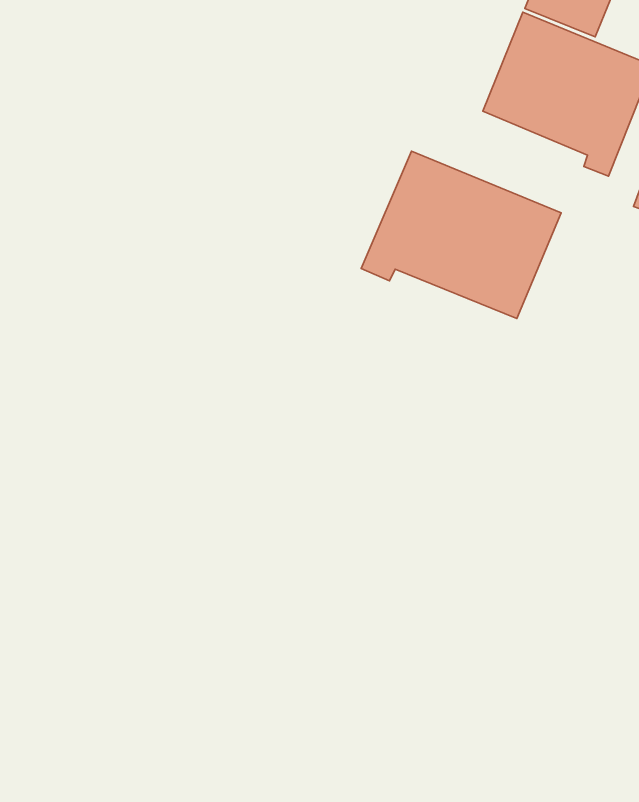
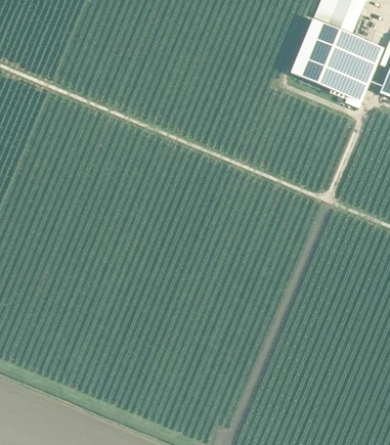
building: [361,151,561,319] -> none

